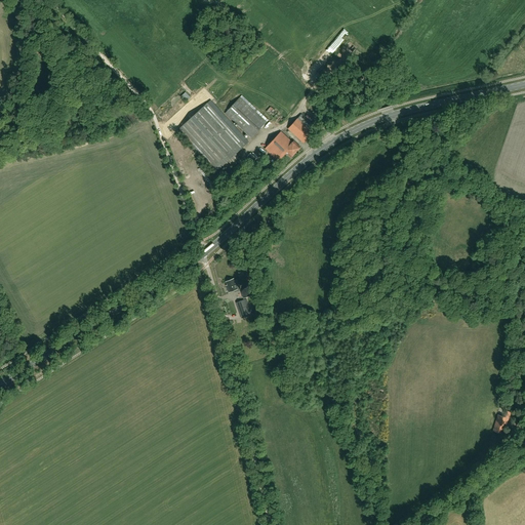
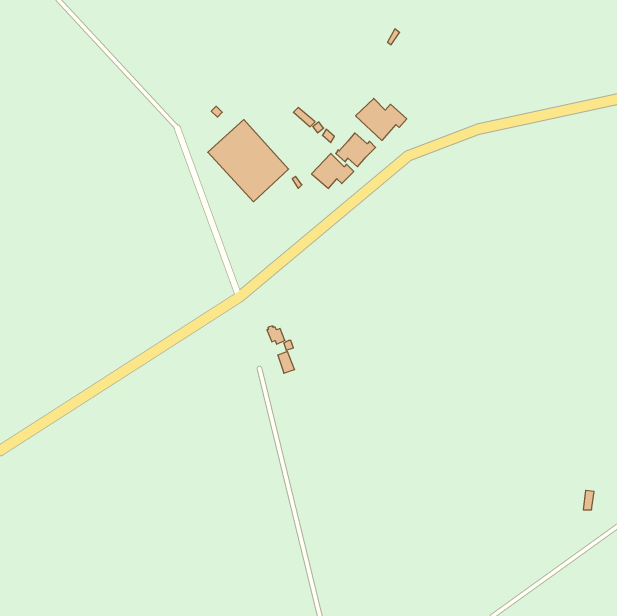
building: none -> [356,98,407,140]
building: [226,96,267,136] -> none

